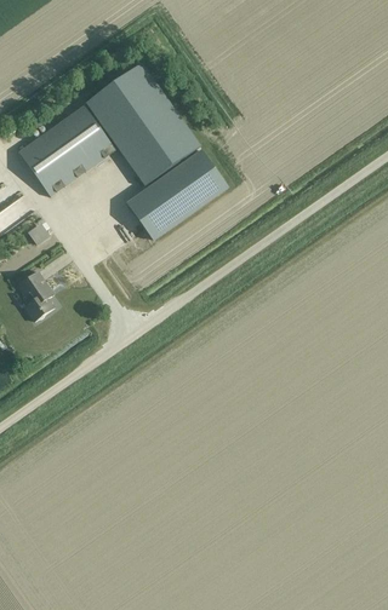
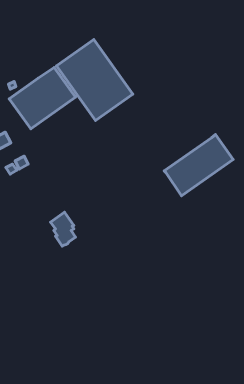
building: [126,149,227,238] -> [164,135,233,196]
building: [17,270,53,320] -> [51,212,75,246]

